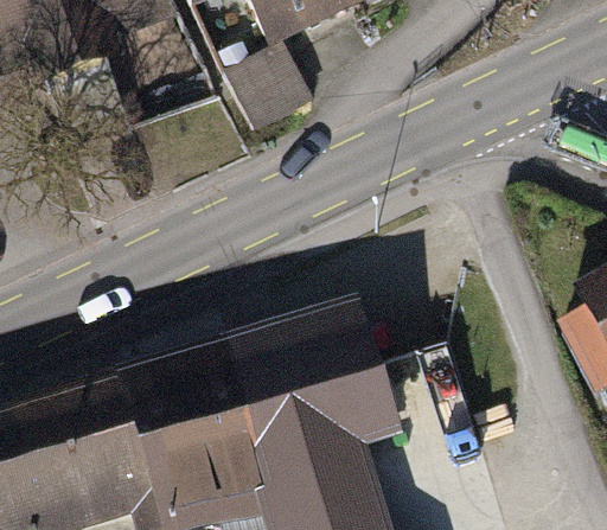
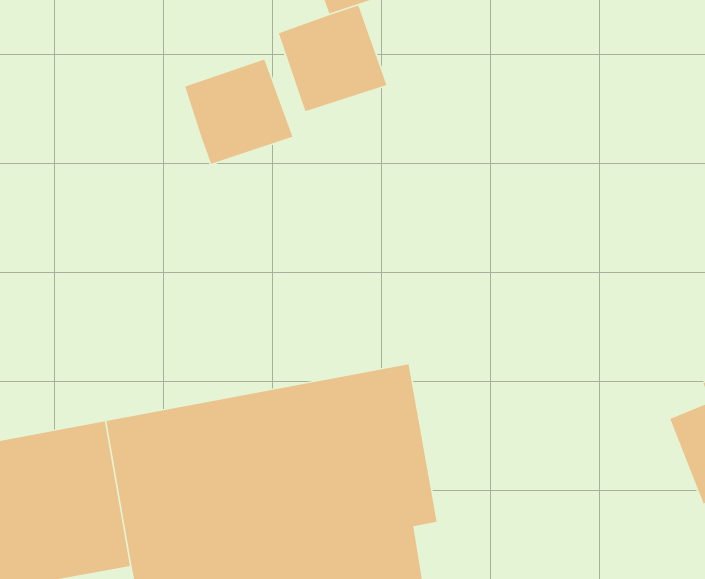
building: none -> [184,58,293,165]

